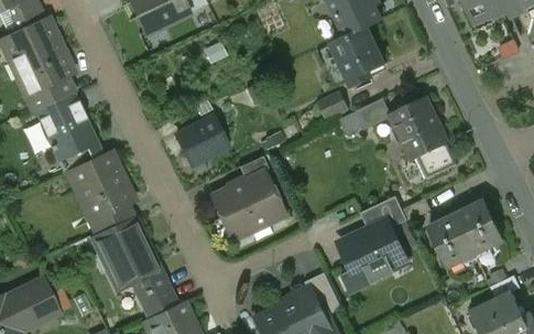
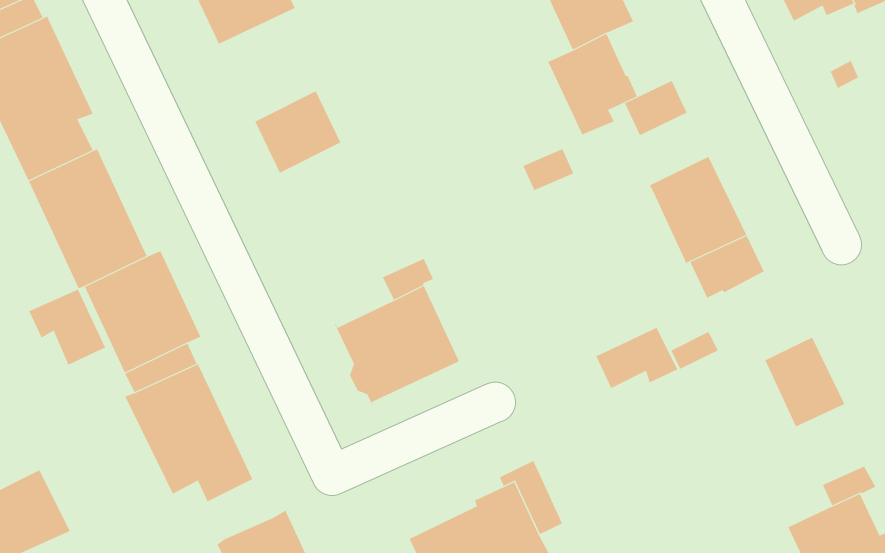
building: [356,98,392,130] -> [624,80,688,136]
building: [177,117,227,164] -> [255,91,341,173]
building: none -> [29,289,106,365]
building: [428,215,475,267] -> none
building: [340,222,407,279] -> none
building: [138,283,175,317] -> none

